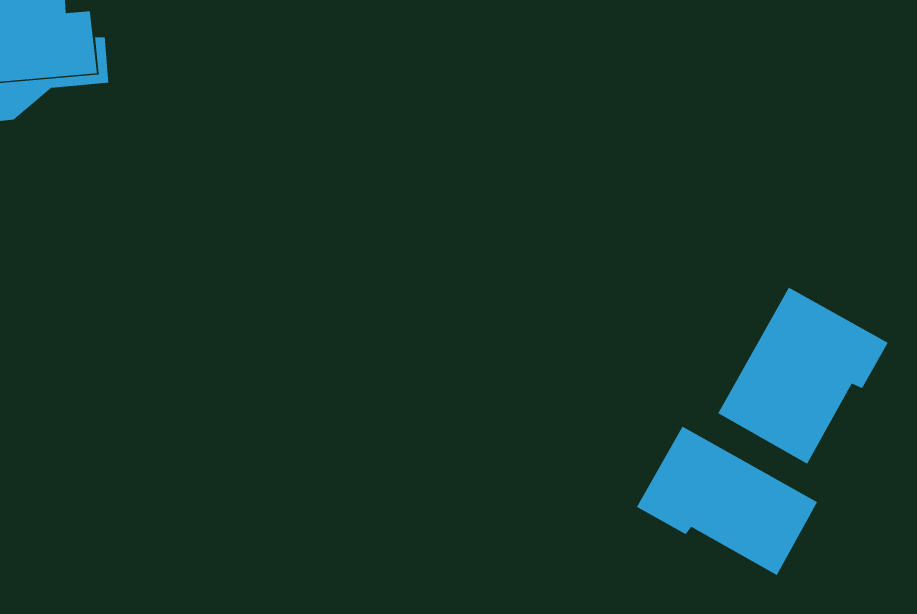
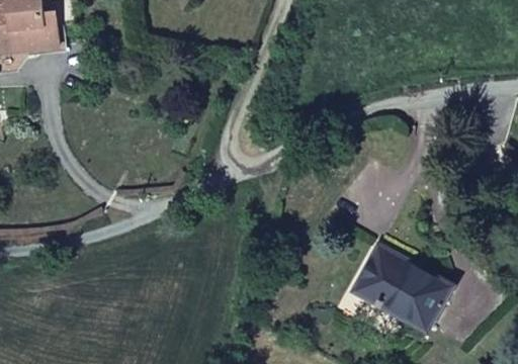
building: [717,287,889,465] -> none

